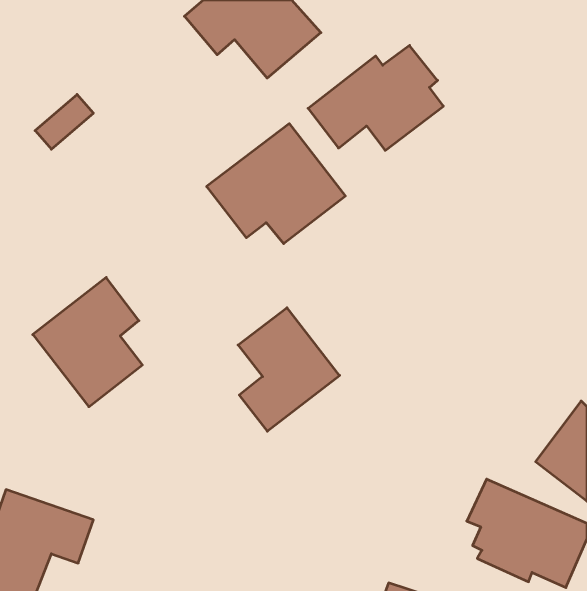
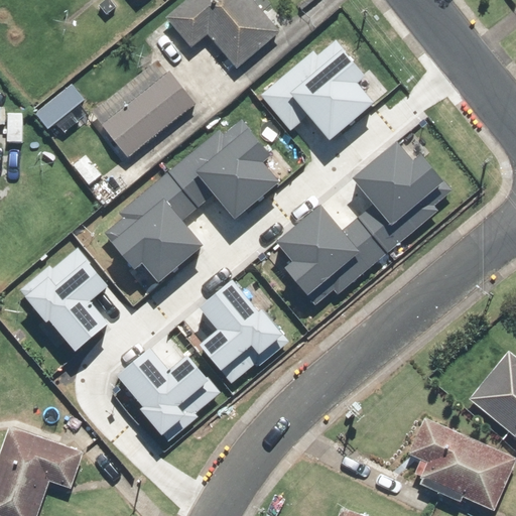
building: none -> [85,61,189,162]
building: none -> [356,136,463,225]
building: none -> [99,172,219,278]
building: none -> [290,208,388,304]
building: none -> [113,343,221,433]

